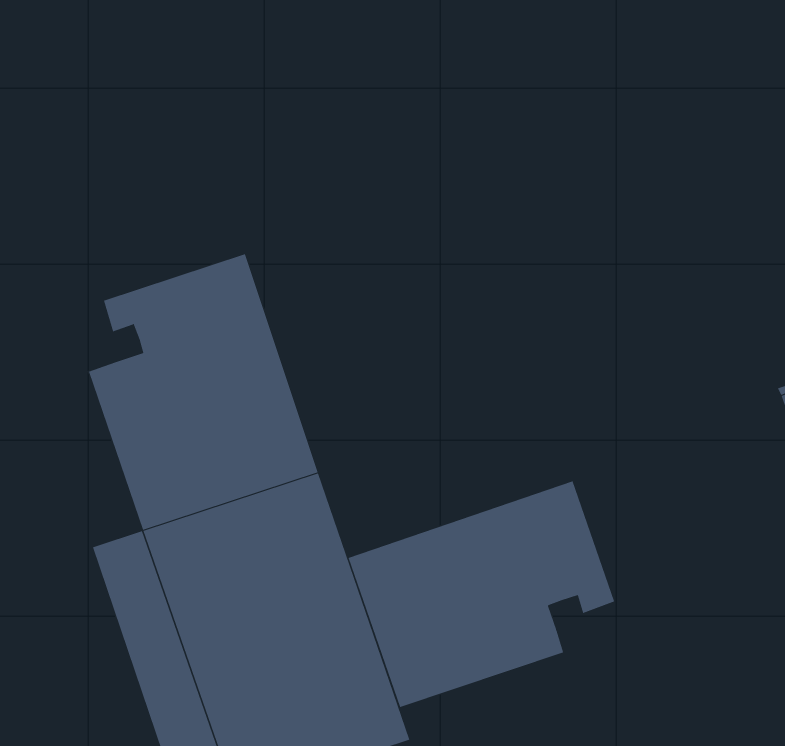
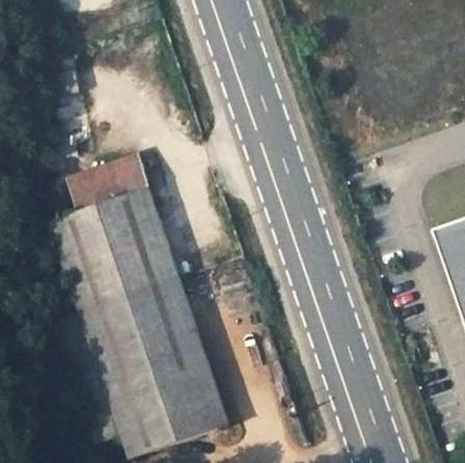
building: [348,481,615,708] -> none

